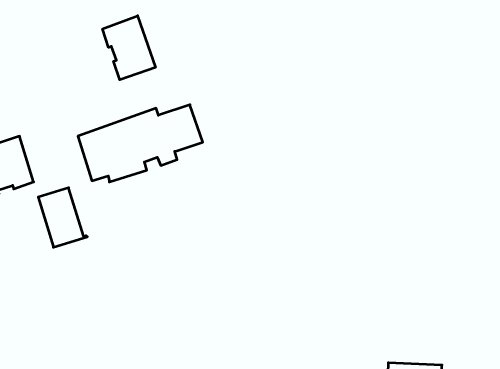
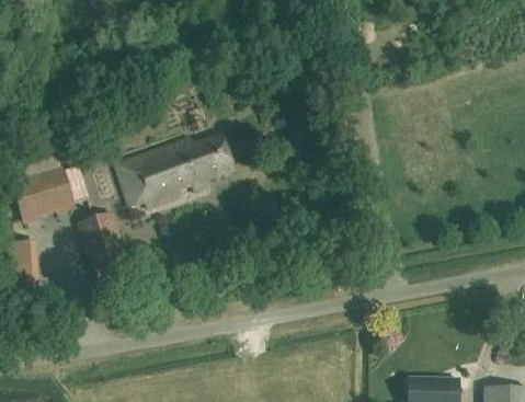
building: [103,16,155,80] -> none

